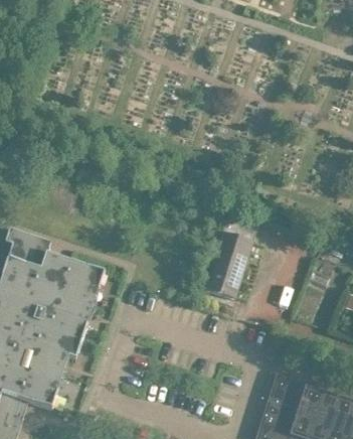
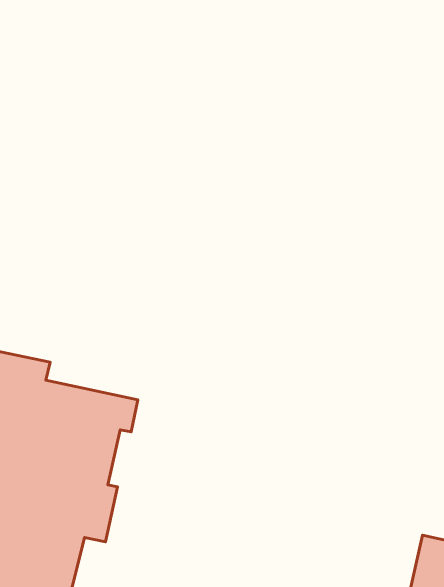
building: [206,210,260,297] -> none

